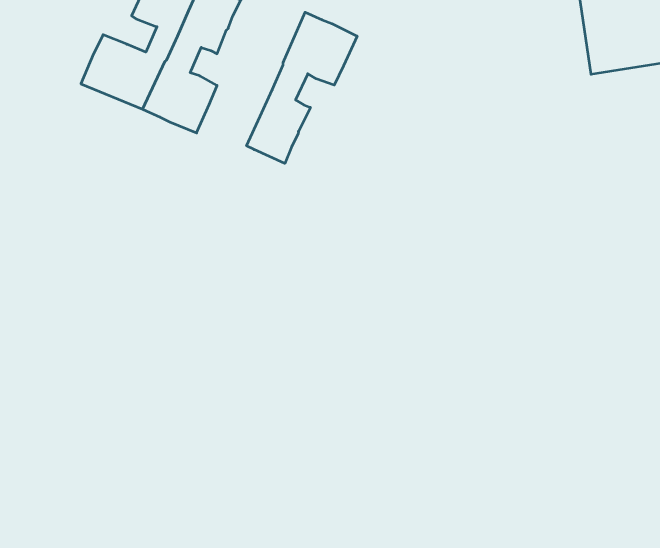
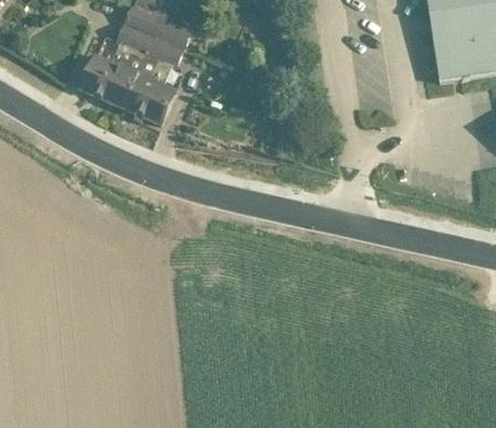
building: [247,12,357,163] -> none

